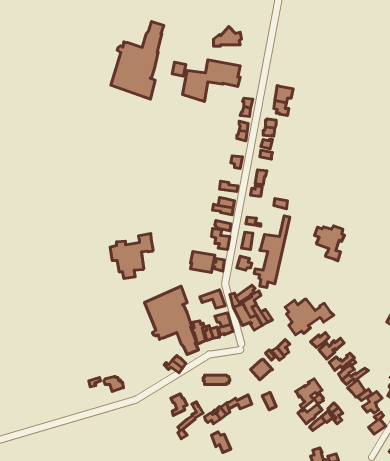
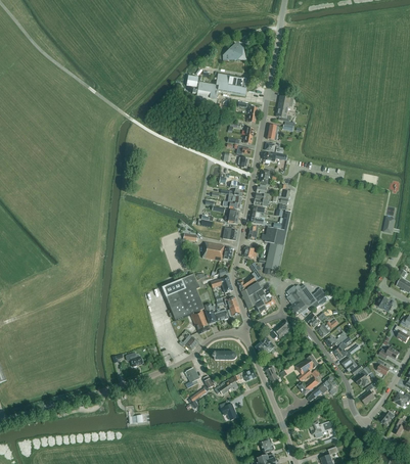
building: [111,22,164,99] -> none
building: [314,226,344,261] -> none
building: [110,233,153,278] -> none

